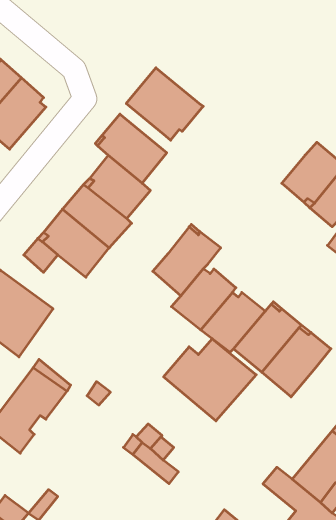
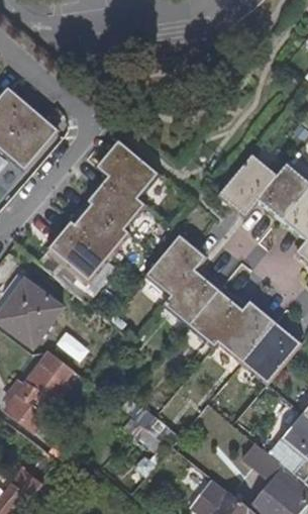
building: [126,68,203,140] -> none
building: none -> [223,155,279,215]
building: [164,339,256,421] -> none

